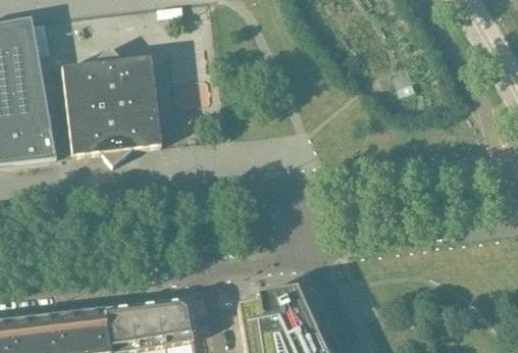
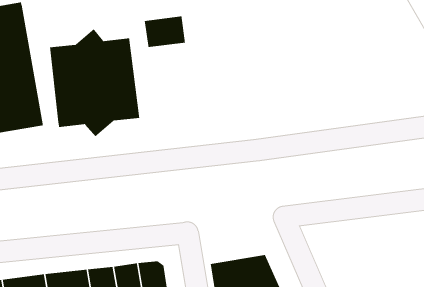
building: none -> [144,16,186,48]

